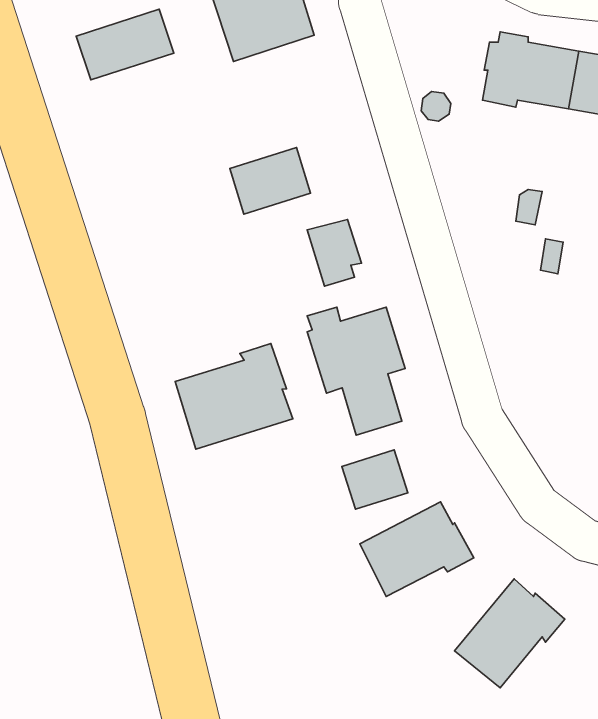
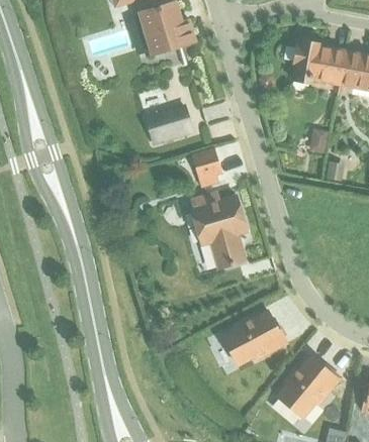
building: [76,9,174,80] -> none
building: [175,344,293,449] -> none
building: [342,450,408,509] -> none

